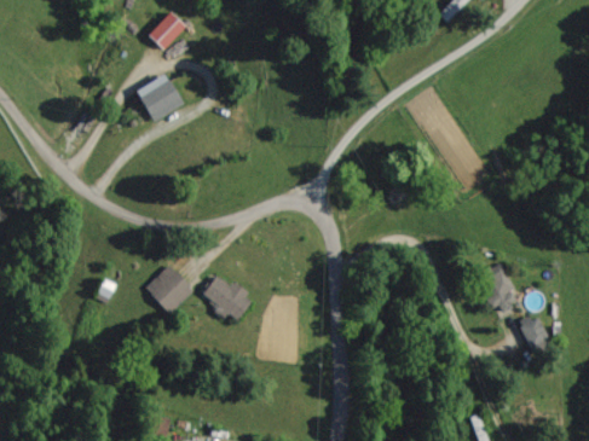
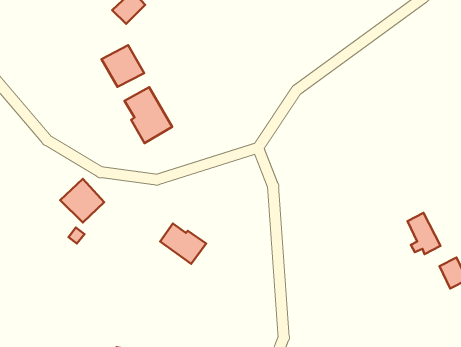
building: none -> [124,87,172,143]
building: [144,263,194,313] -> [60,179,104,222]

